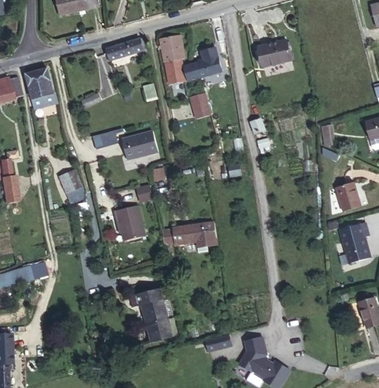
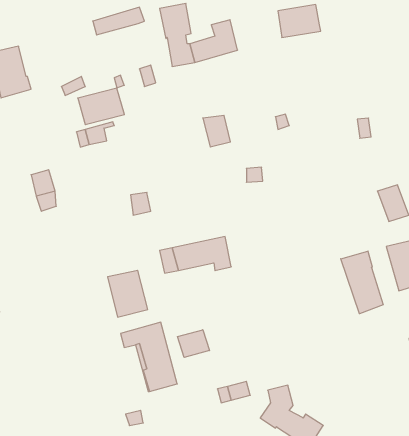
building: [189,92,211,117] -> [203,115,230,147]
building: [122,130,159,159] -> [78,88,124,125]
building: [111,200,143,237] -> [108,270,148,317]
building: none -> [341,251,383,314]
building: none -> [178,330,209,357]

